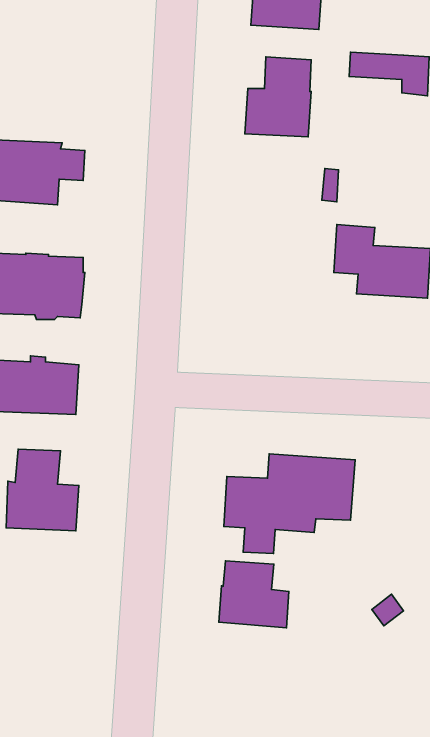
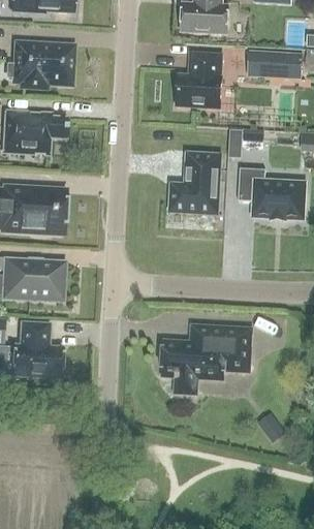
building: none -> [14,44,70,85]
building: none -> [170,153,219,211]
building: [219,561,289,628] -> none

